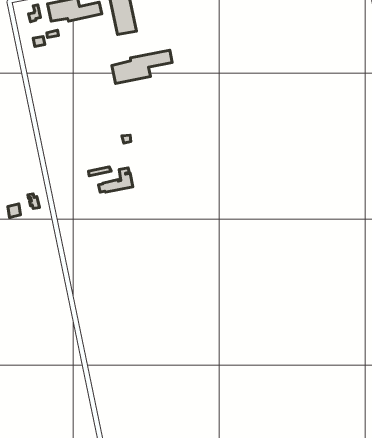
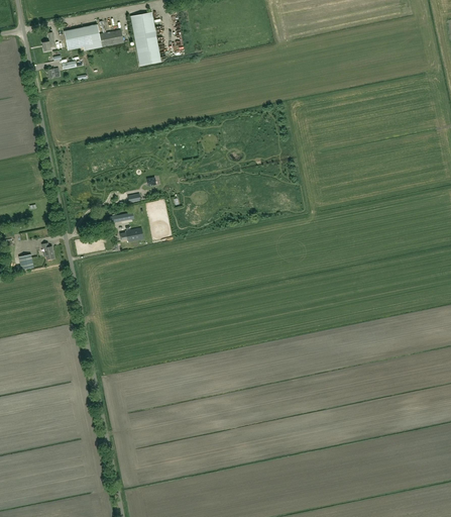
building: [112,50,172,84] -> none

